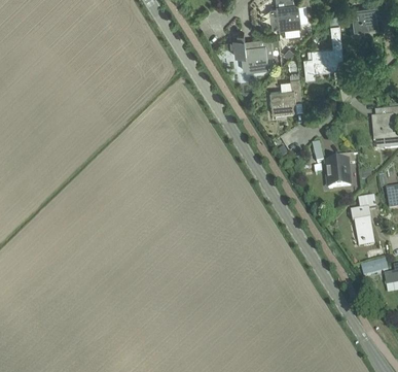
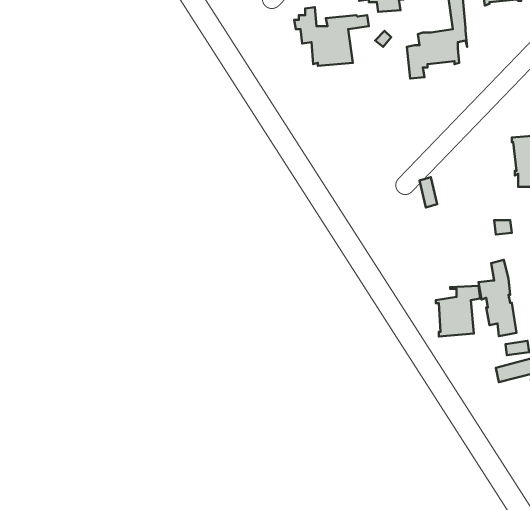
building: [269,78,301,114] -> none
building: [325,155,354,188] -> [436,286,480,337]

